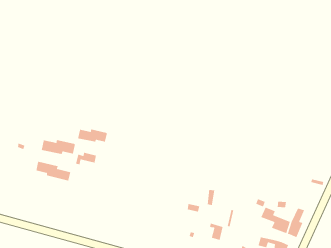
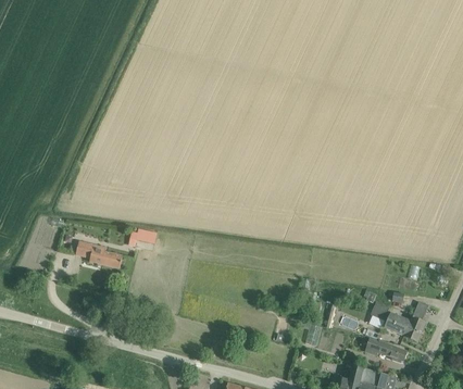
building: [77,129,107,143] -> none
building: [41,139,76,155] -> none

